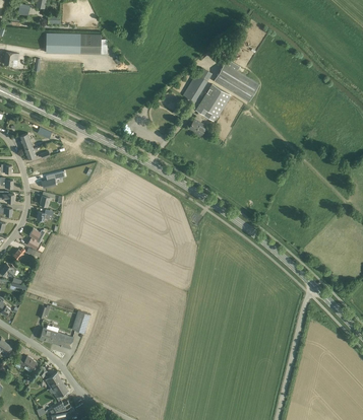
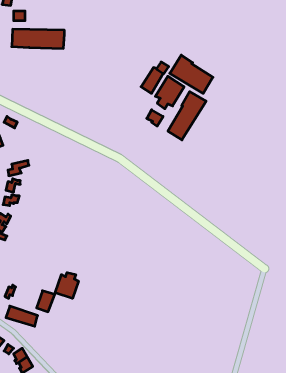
building: none -> [168,92,206,140]
building: none -> [55,273,78,298]

